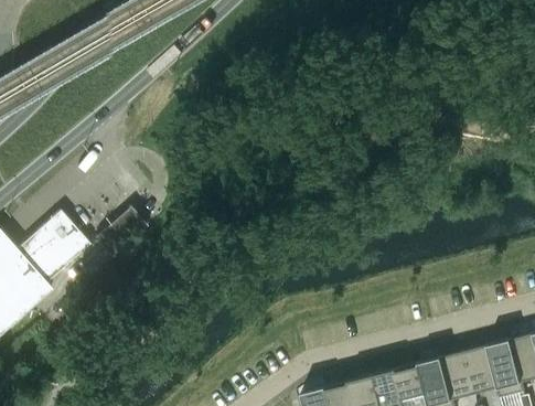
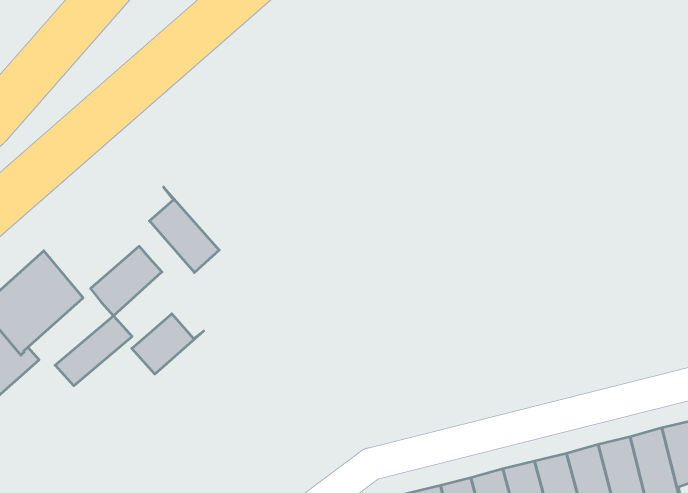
building: none -> [149,187,219,273]
building: none -> [132,314,204,374]
building: none -> [55,316,132,386]

